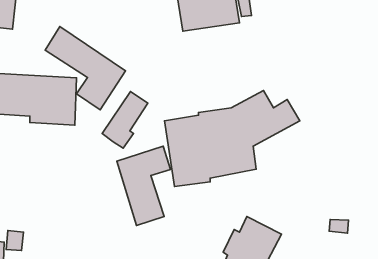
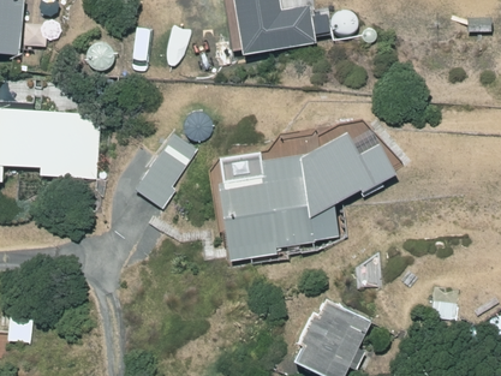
building: [45,27,126,110] -> none
building: [117,146,170,226] -> none

